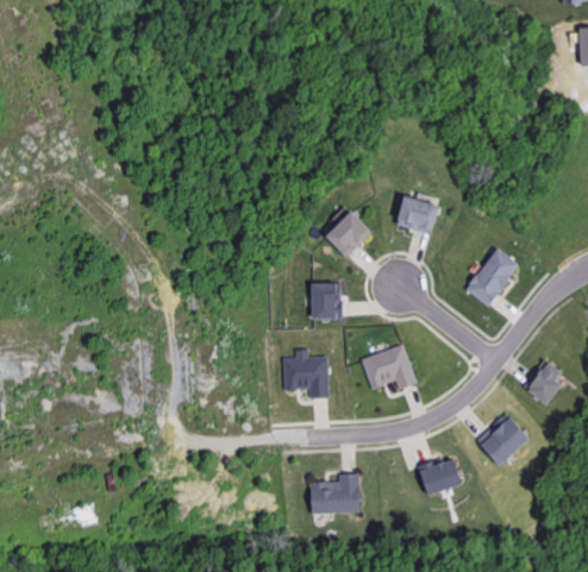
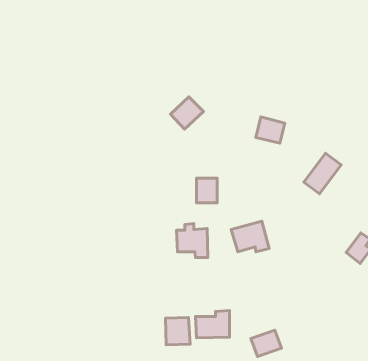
building: [325,210,373,257] -> [171,97,204,129]
building: [476,414,528,466] -> none
building: [418,457,462,495] -> [251,330,281,357]
building: none -> [166,318,190,345]

